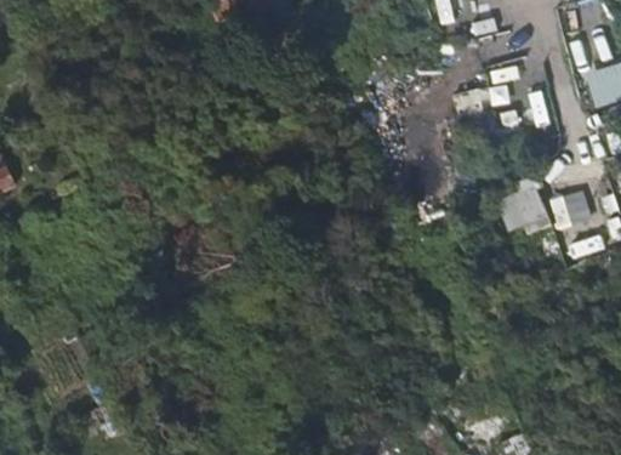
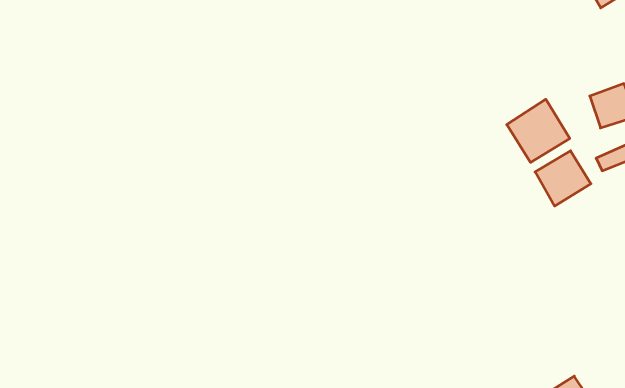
building: none -> [535,151,591,206]

